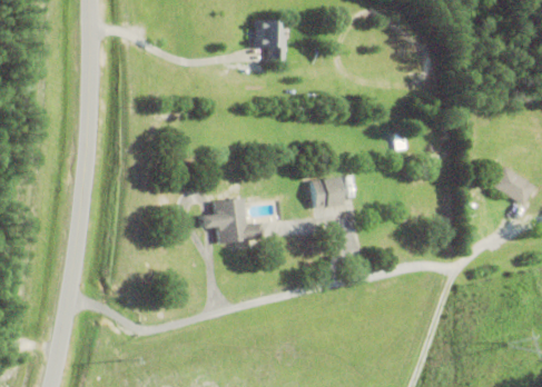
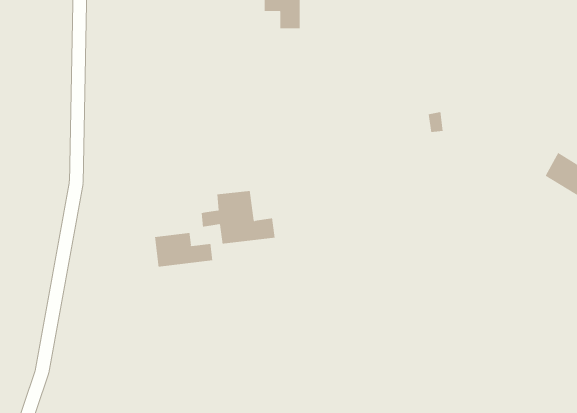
building: [311,177,341,208] -> none
building: none -> [154,232,213,268]

